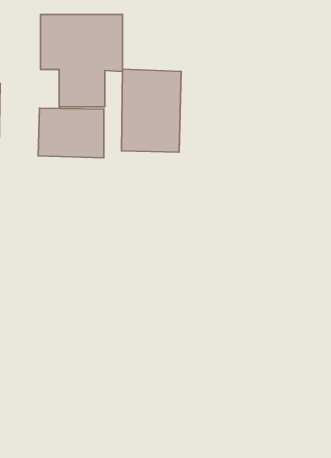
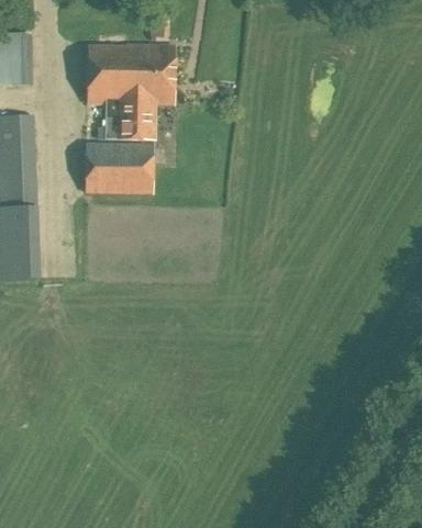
building: [121,69,181,152] -> none

